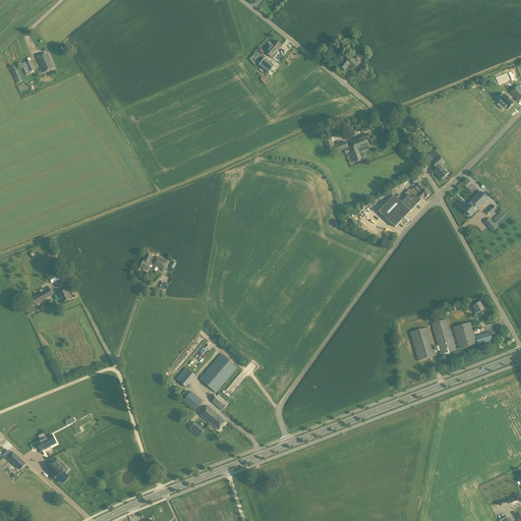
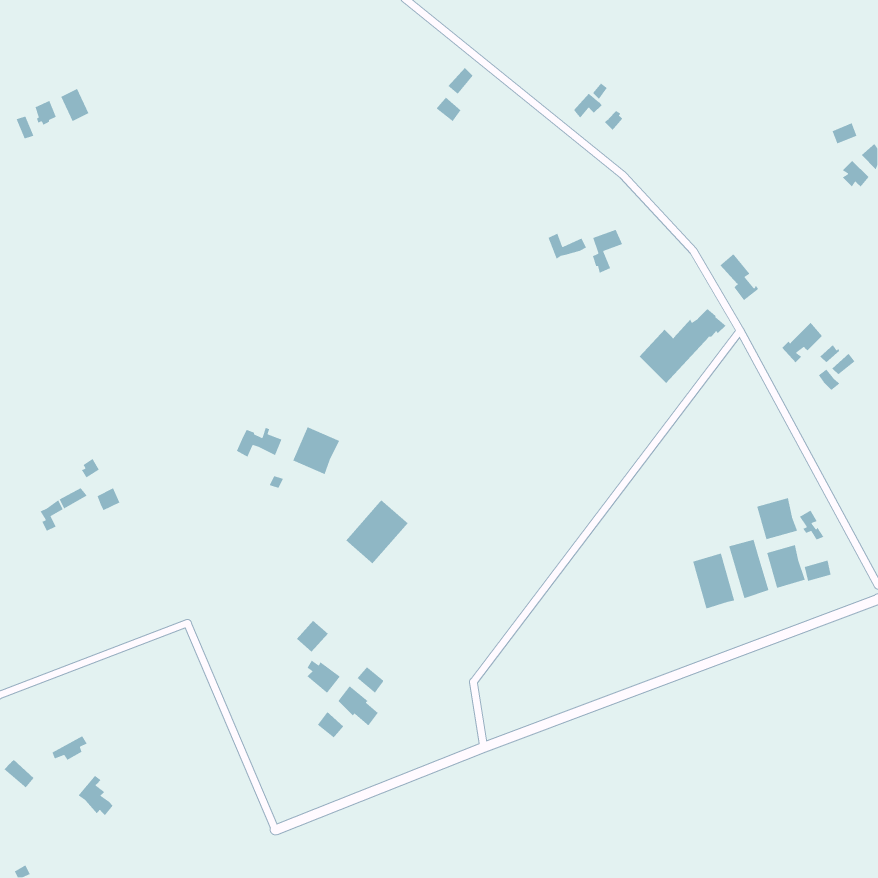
building: none -> [292,426,340,475]
building: none -> [756,497,798,540]
building: [198,353,236,392] -> [345,499,409,565]

